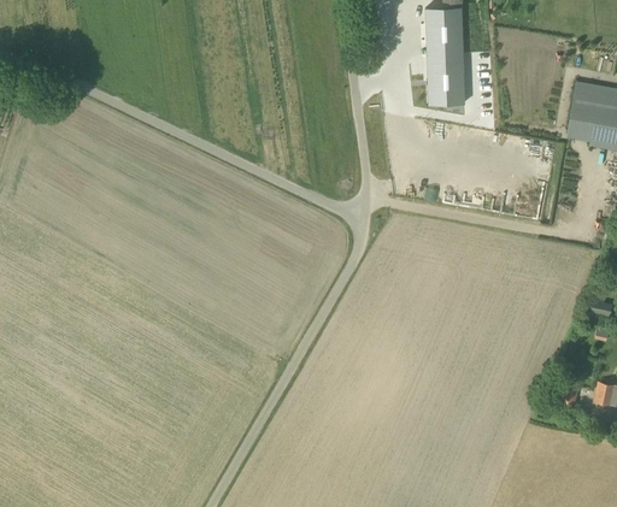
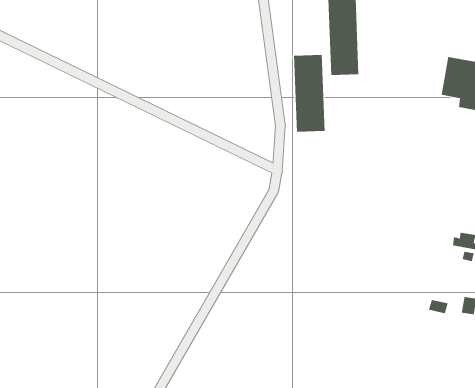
building: none -> [293,54,325,133]

